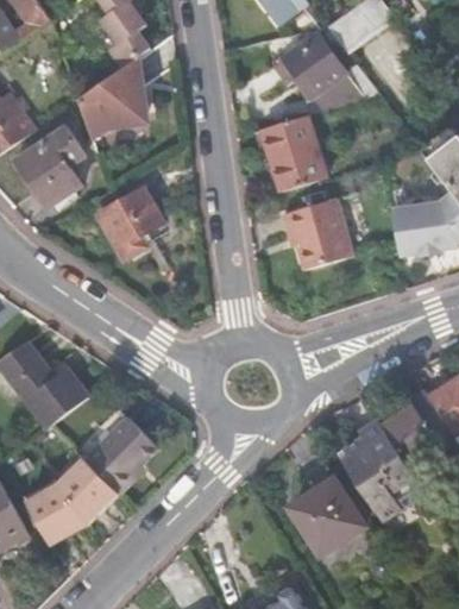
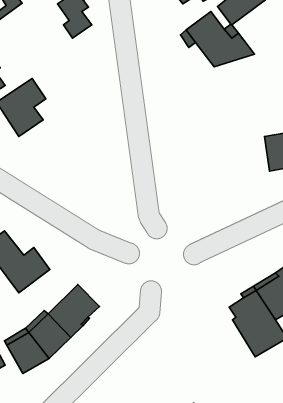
building: [77,56,145,137] -> none
building: [260,113,325,189] -> none
building: [96,186,163,257] -> none
building: [283,195,353,268] -> none
building: [290,479,363,552] -> none

